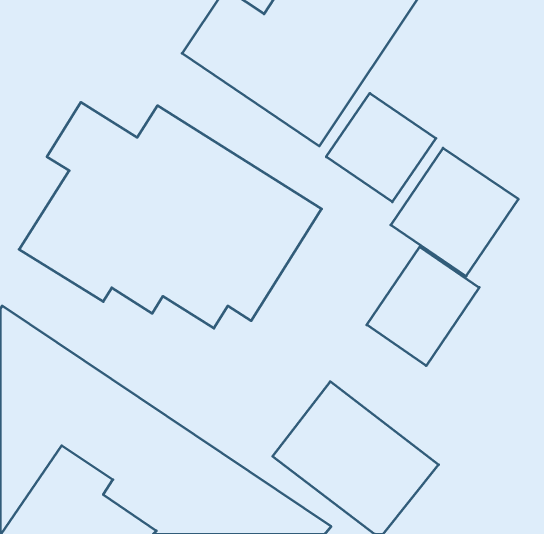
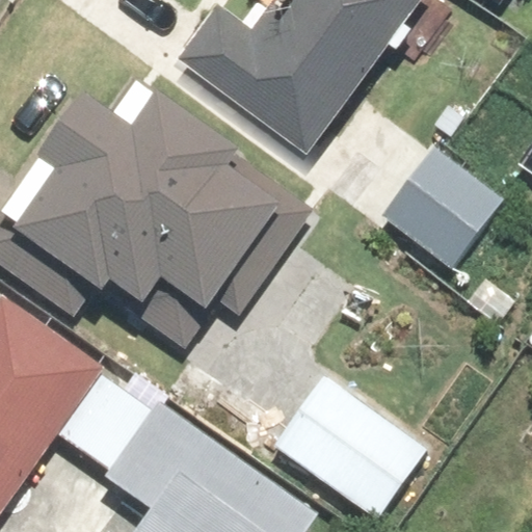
building: [326,93,436,202] -> none
building: [367,247,479,366] -> none

